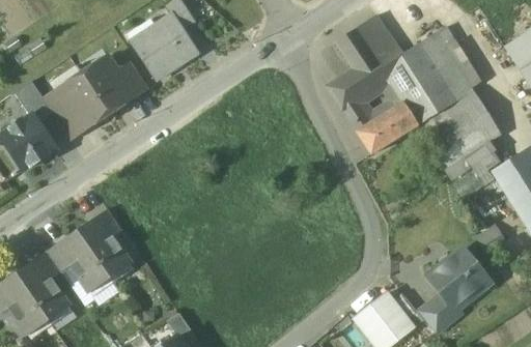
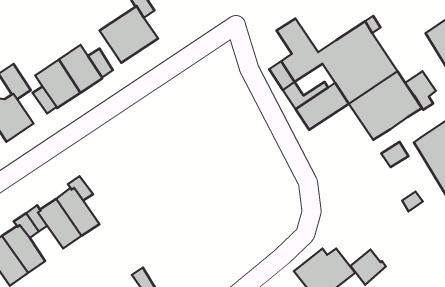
building: [356,15,402,66] -> none
building: [465,141,500,185] -> [405,71,436,110]
building: [428,248,488,307] -> none

